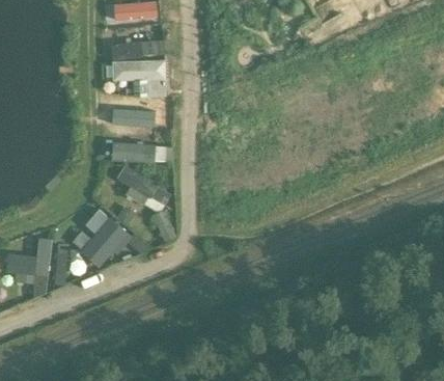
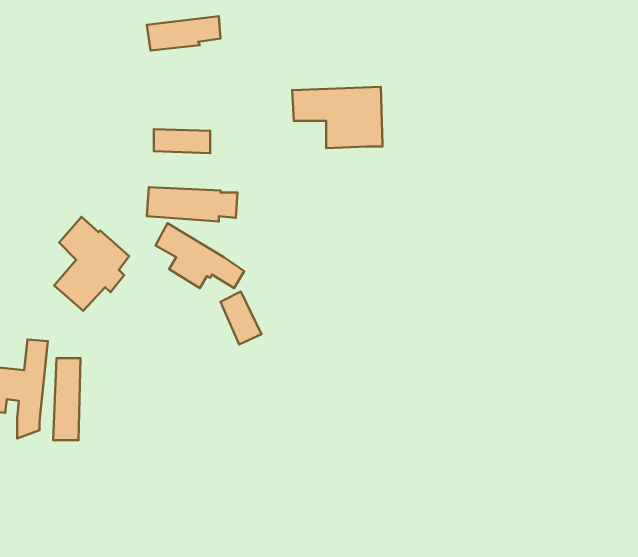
building: [111,59,166,97] -> [292,87,383,148]
building: [81,208,127,265] -> [54,217,129,311]

